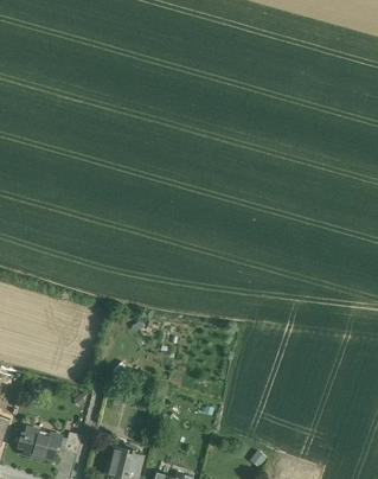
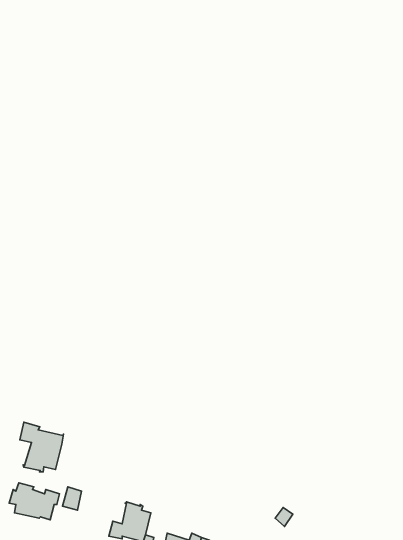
building: none -> [20,422,63,472]

